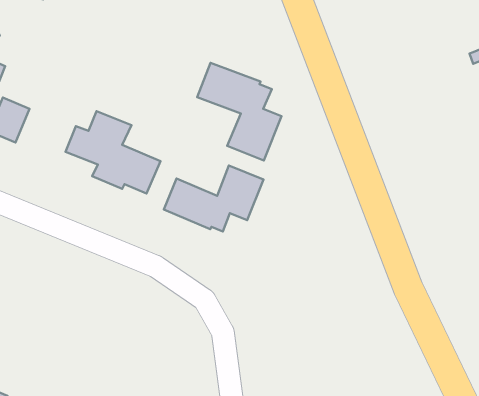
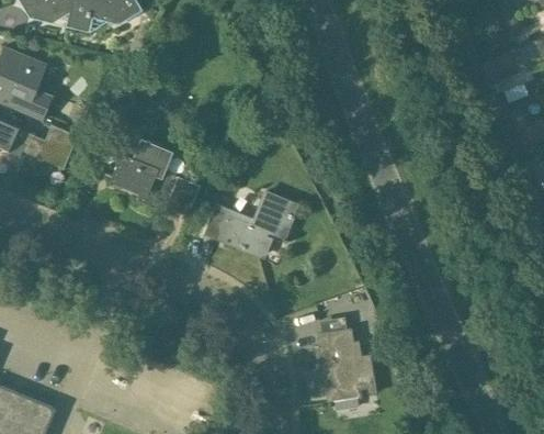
building: [197,63,282,161] -> none
building: none -> [314,329,373,401]

